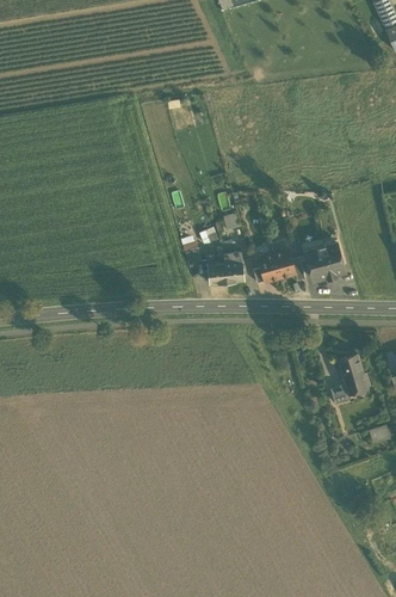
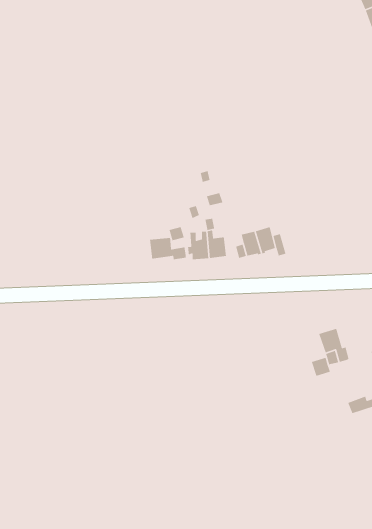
building: [305,242,345,281] -> none
building: none -> [149,237,187,260]

